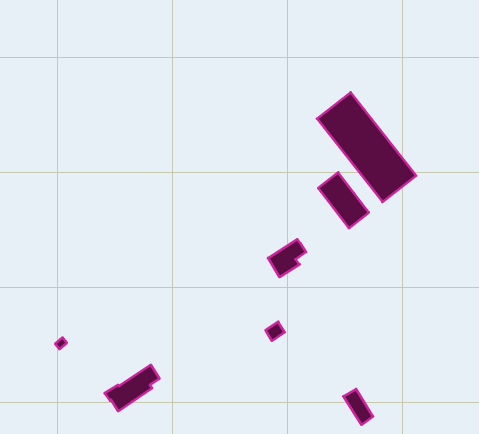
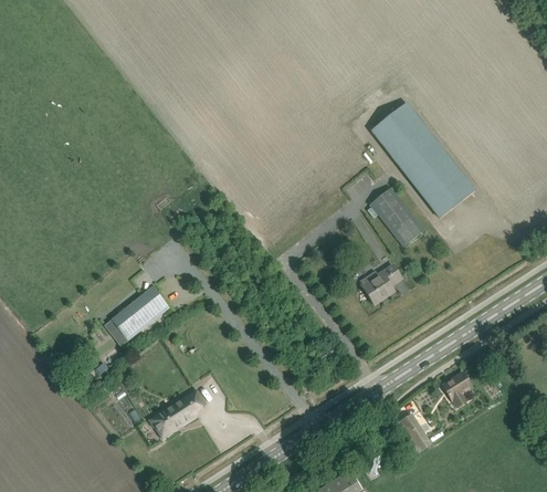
building: [268,239,306,277] -> [360,264,400,304]
building: none -> [111,285,168,339]
building: none -> [441,371,471,407]

